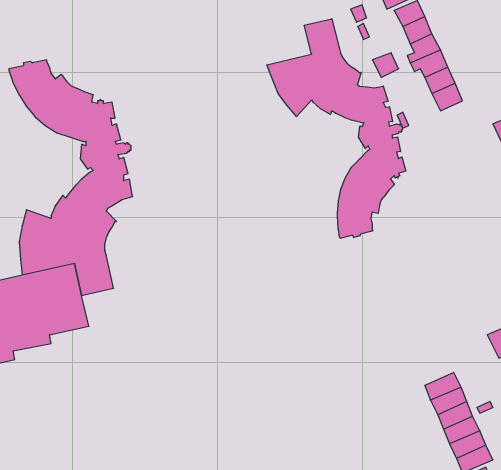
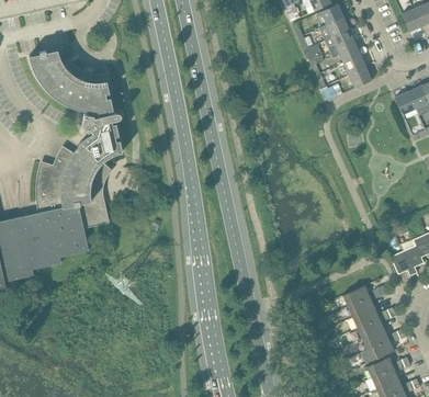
building: [267,19,406,238] -> none

